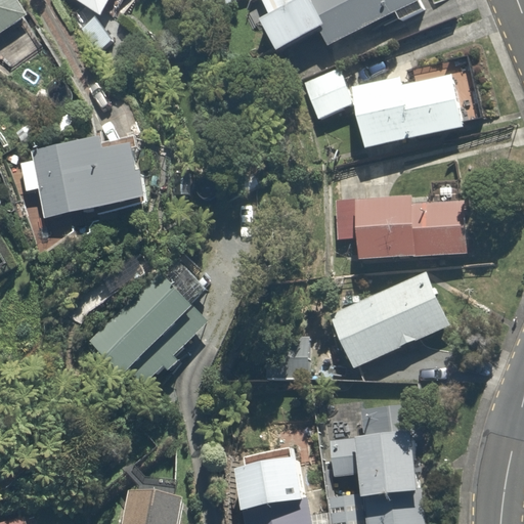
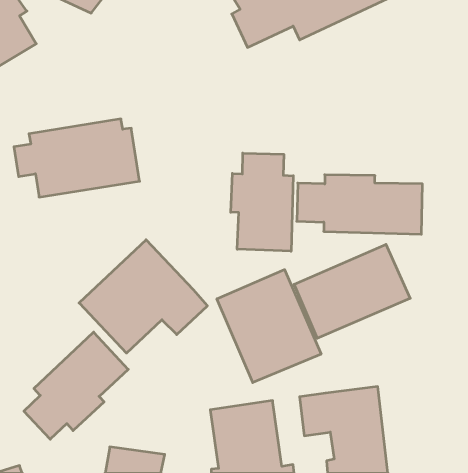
building: [301,68,464,147] -> none
building: none -> [231,153,293,251]
building: none -> [217,270,321,383]
building: none -> [24,332,128,439]

